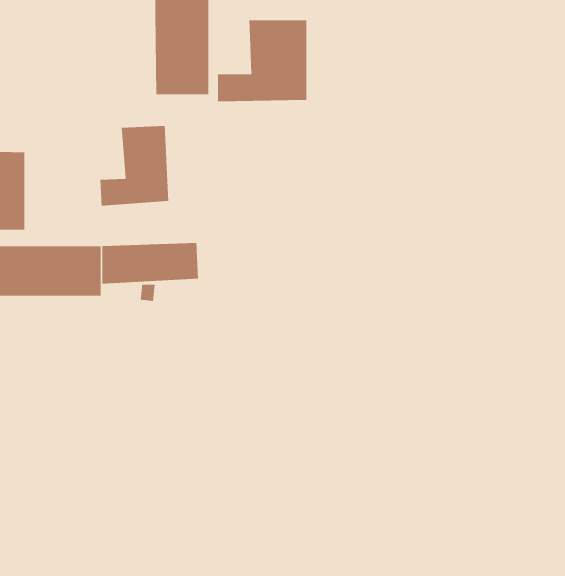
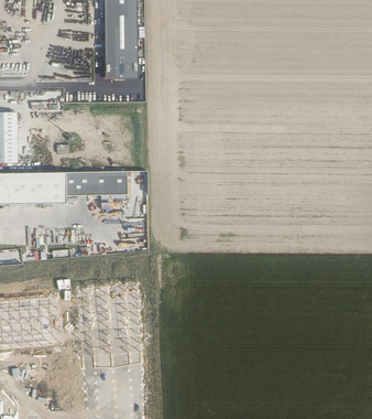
building: [217,20,307,102] -> none
building: [100,125,169,206] -> none

